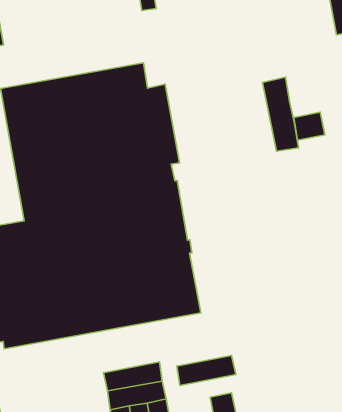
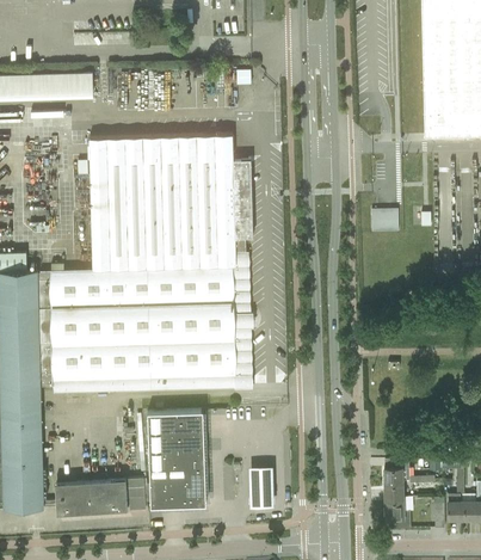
building: [262,77,299,151] -> none
building: [177,356,236,385] -> [148,411,204,432]

